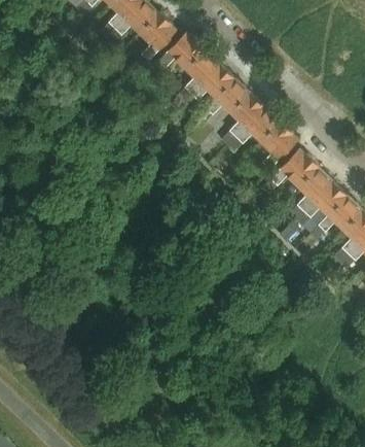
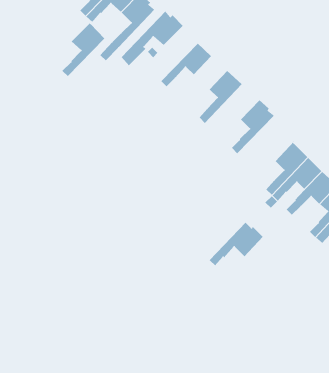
building: [175,47,219,104] -> [62,21,105,77]
building: [196,78,249,125] -> none
building: [226,107,282,152] -> none
building: [261,149,317,195] -> [209,222,264,266]

